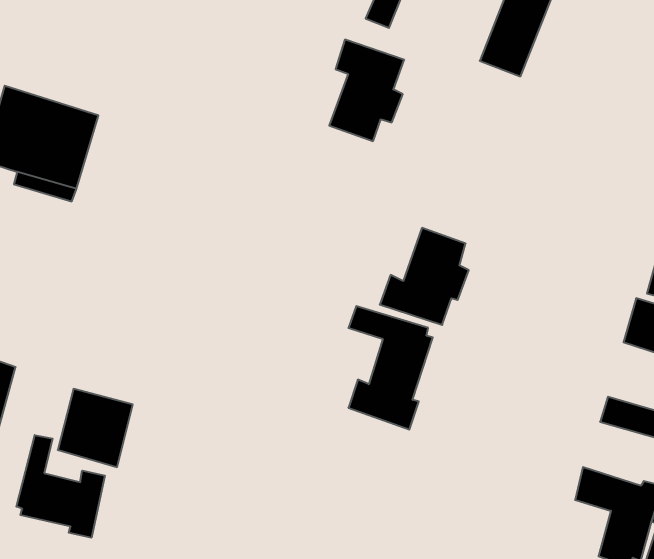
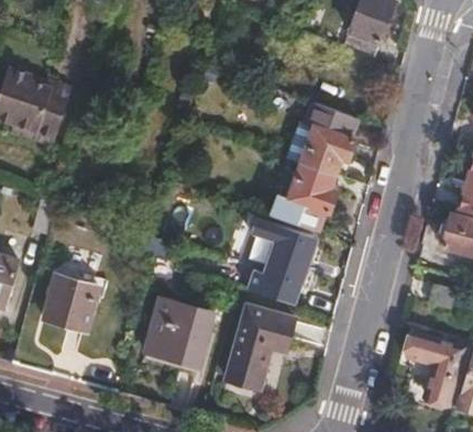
building: [329,40,404,141] -> [301,103,354,175]
building: none -> [146,298,217,368]
building: none -> [229,309,298,391]
building: [16,435,105,538] -> none

